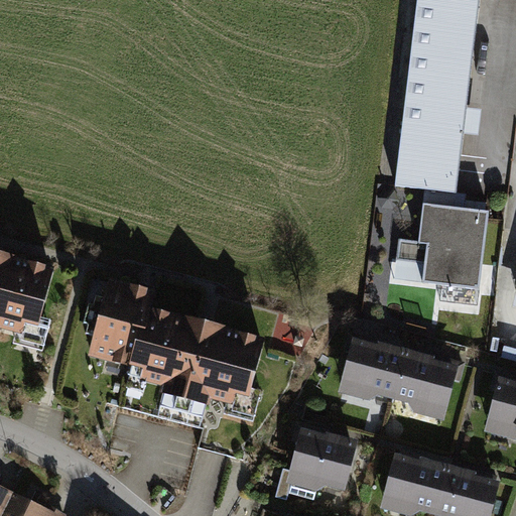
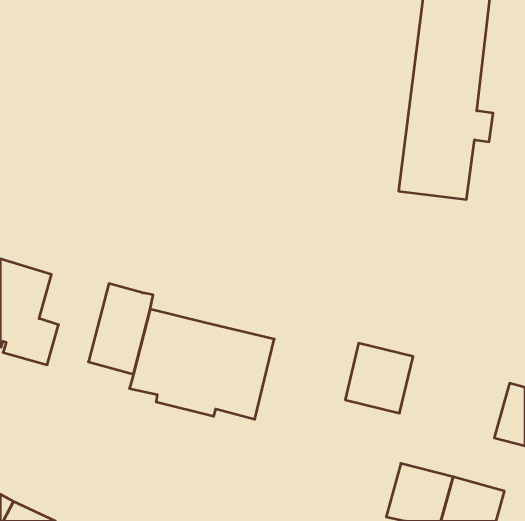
building: [393,205,492,296] -> none
building: [392,350,459,418] -> none
building: [285,426,355,493] -> none

